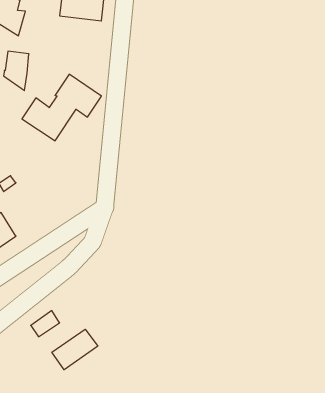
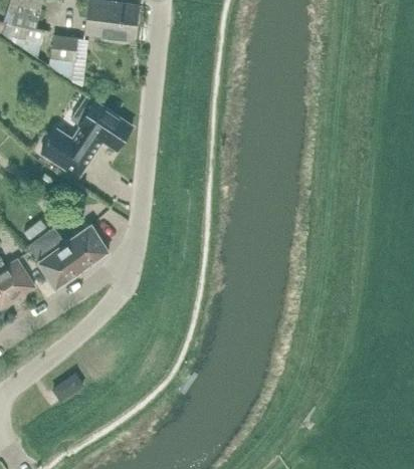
building: [4,51,29,91] -> [48,36,77,81]
building: none -> [28,225,109,290]
building: [52,329,98,370] -> none

